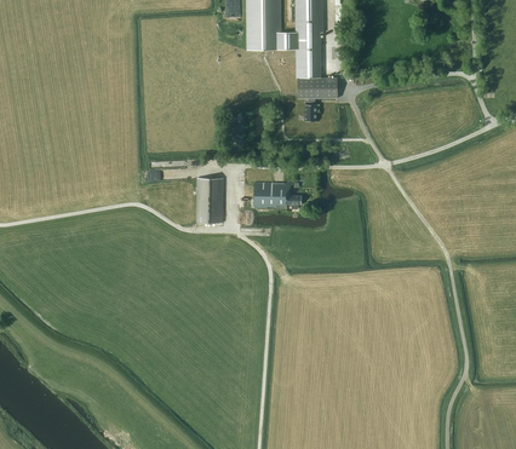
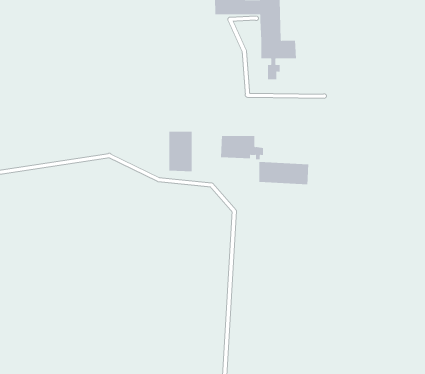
building: none -> [259,161,309,185]

